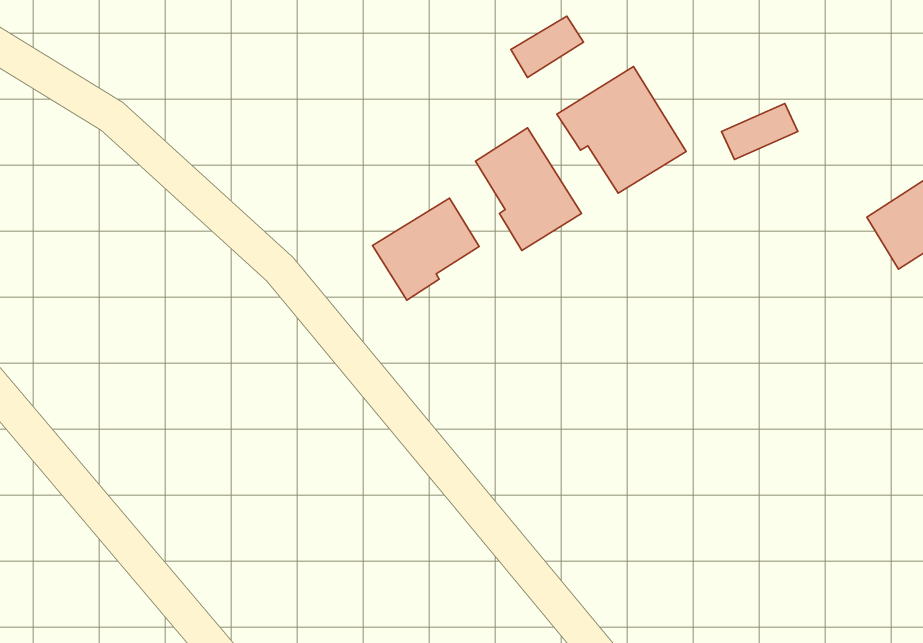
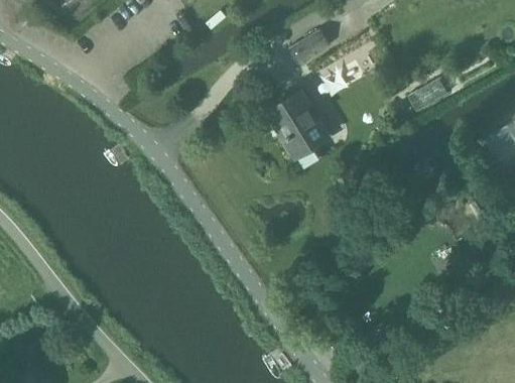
building: [557,66,686,193] -> none
building: [373,198,479,300] -> none

